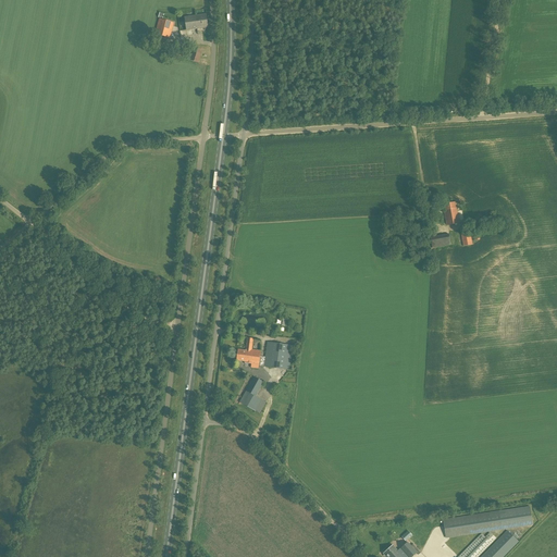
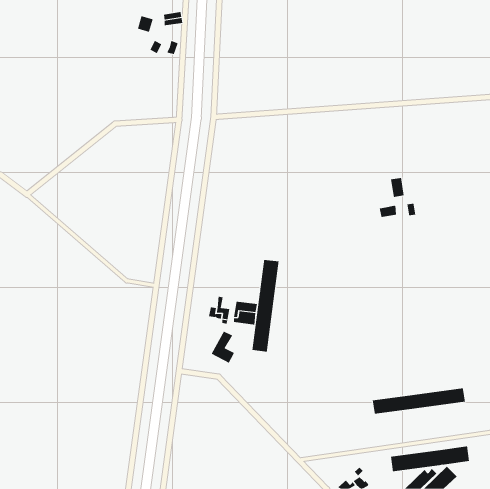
building: none -> [252,259,279,352]
building: none -> [372,387,465,414]

